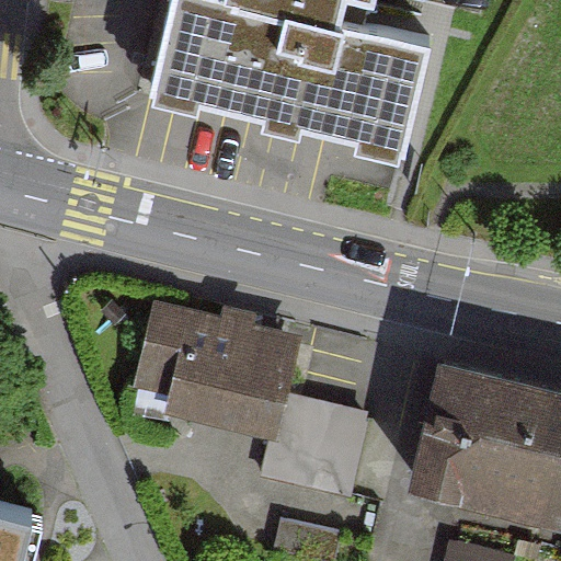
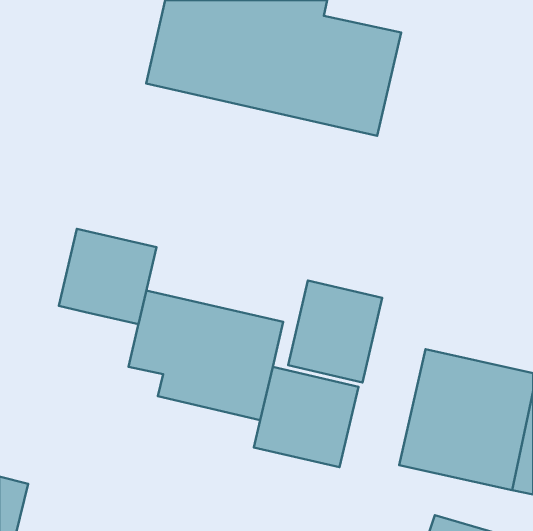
building: none -> [59,229,156,324]
building: none -> [288,281,382,382]

